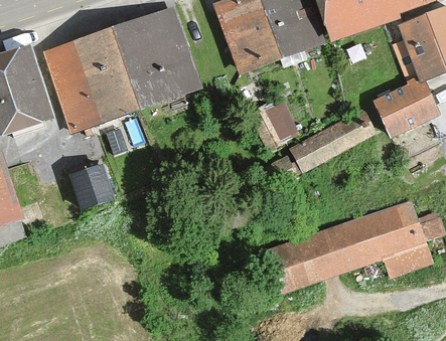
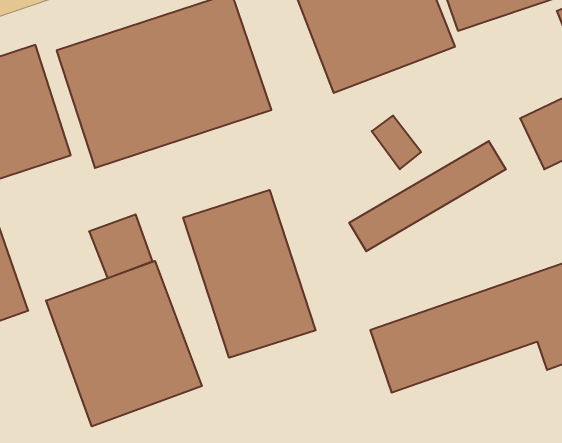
building: none -> [183,190,316,358]
building: none -> [46,261,202,426]

